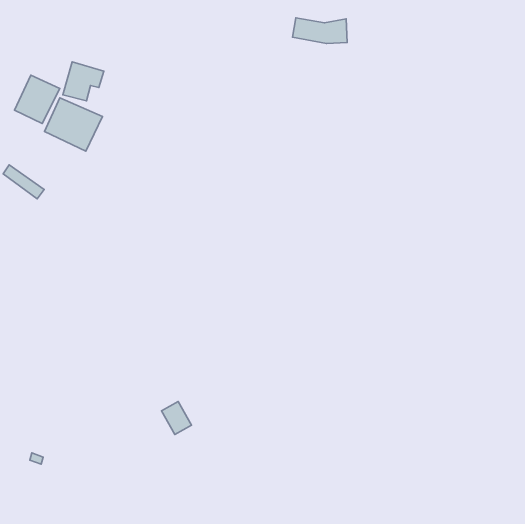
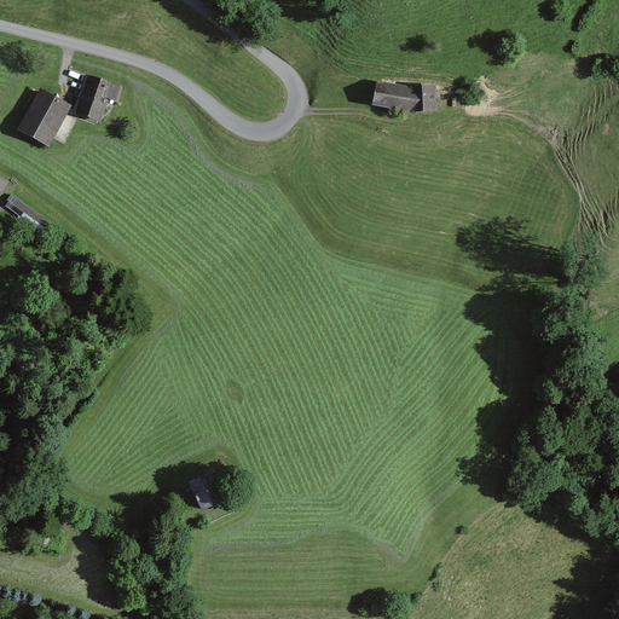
building: [293,18,347,43] -> [374,82,438,112]
building: [44,98,102,151] -> none

